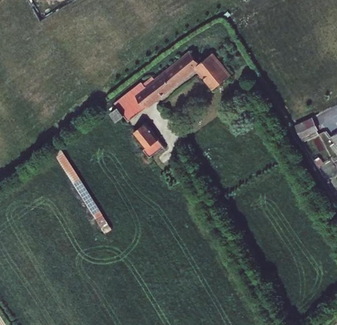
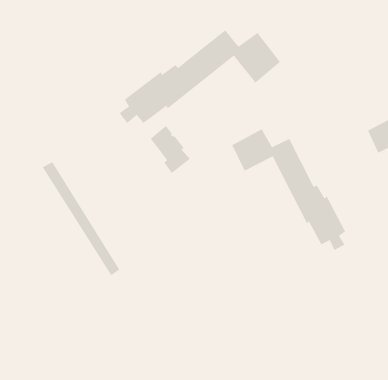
building: none -> [232,129,346,251]

